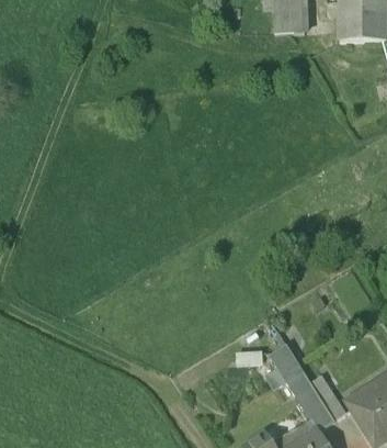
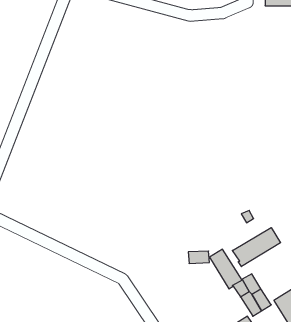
building: none -> [232,228,281,267]

